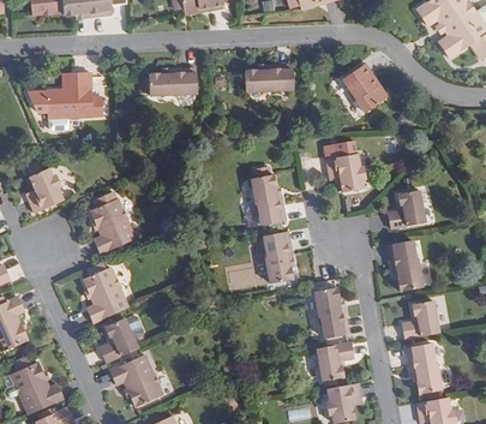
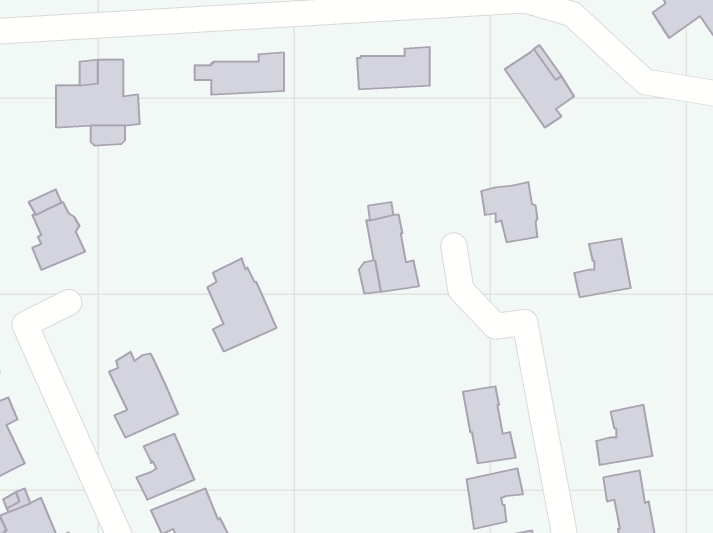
building: [89,192,134,253] -> [207,258,277,351]
building: [263,232,293,285] -> none
building: [389,240,424,292] -> none

